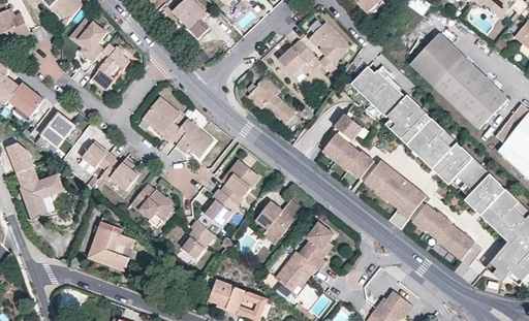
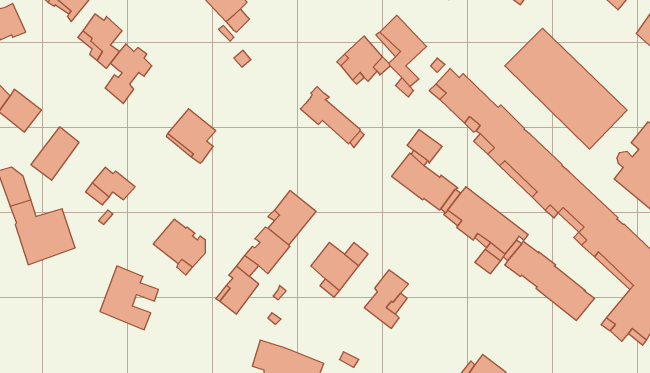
building: [170,118,214,157] -> none
building: [102,158,139,189] -> none
building: [275,252,316,292] -> none

